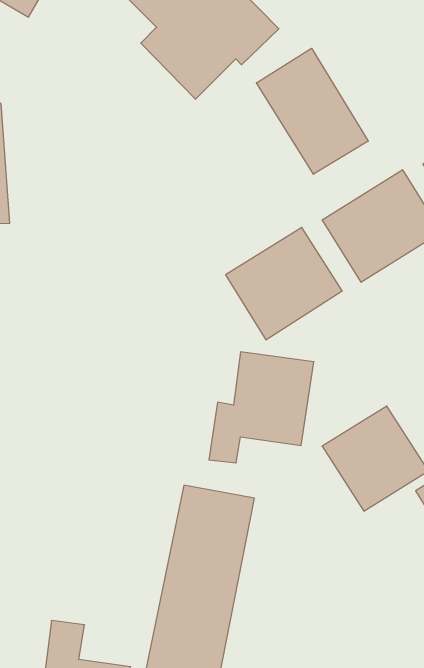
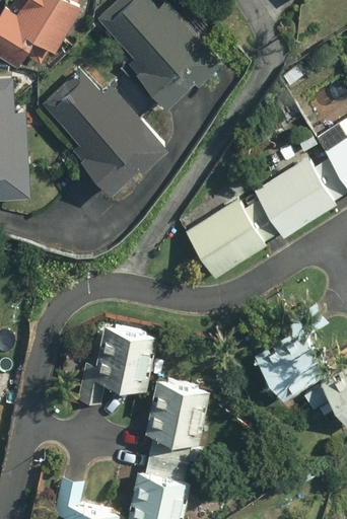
building: none -> [42,70,159,196]
building: [256,48,368,174] -> none
building: [209,352,314,463] -> [79,324,153,402]

